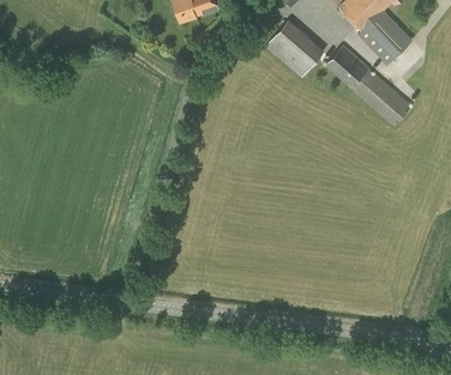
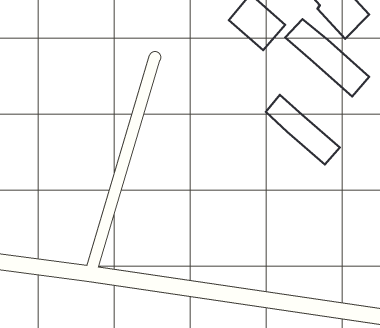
building: none -> [266,95,340,165]

